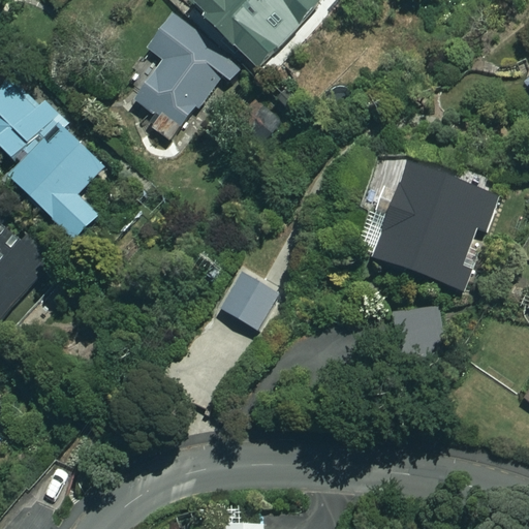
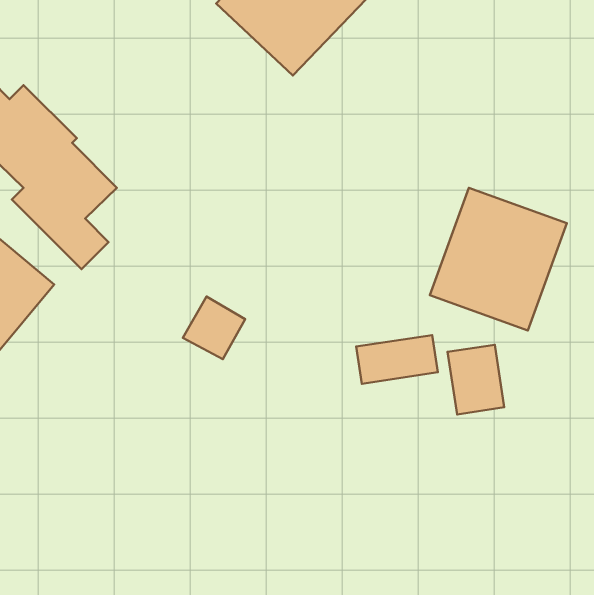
building: [130,15,230,135] -> none
building: [220,272,275,326] -> [183,297,245,359]
building: none -> [356,335,438,384]

